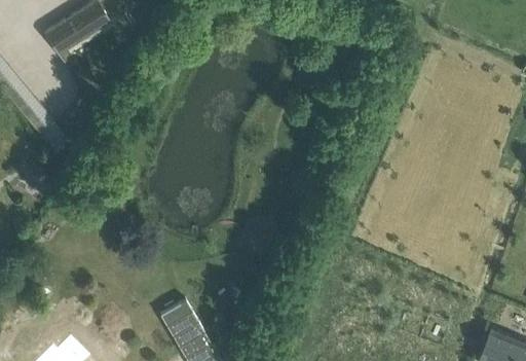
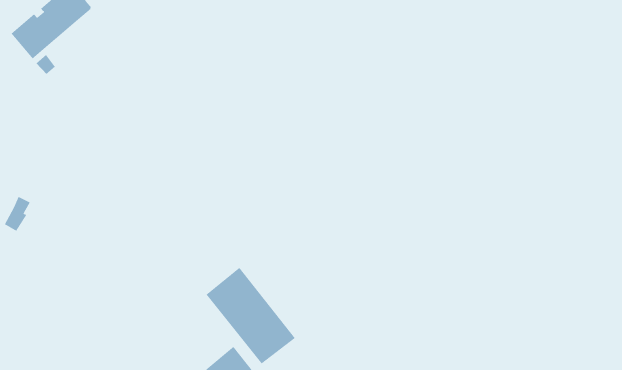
building: none -> [206,267,296,365]

